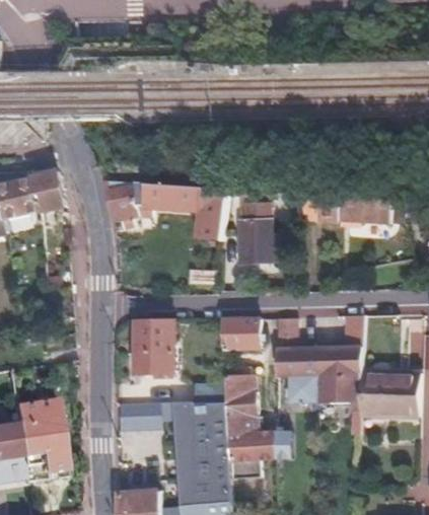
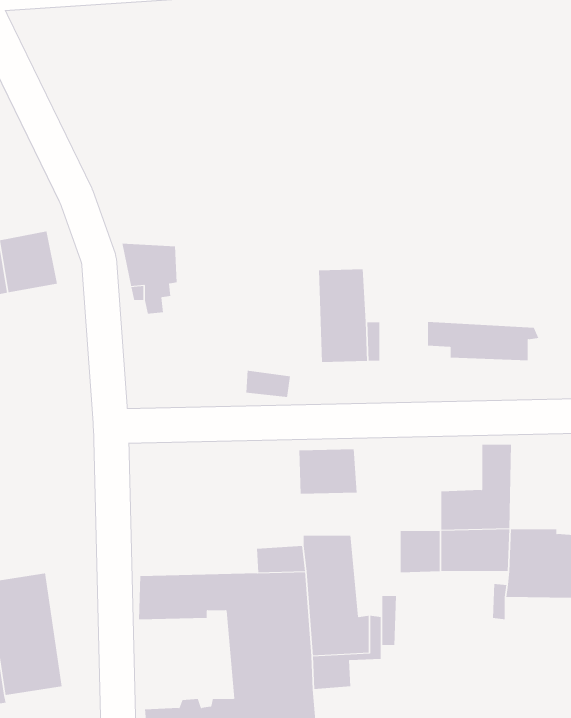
building: [134,183,222,240] -> none
building: [321,194,397,220] -> [427,322,539,361]
building: [131,321,173,375] -> none
building: [275,325,315,374] -> none

